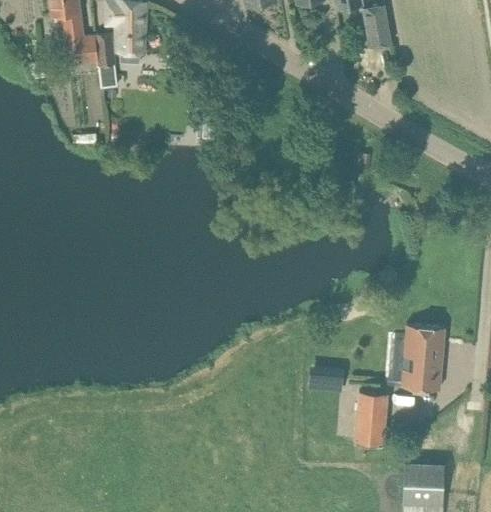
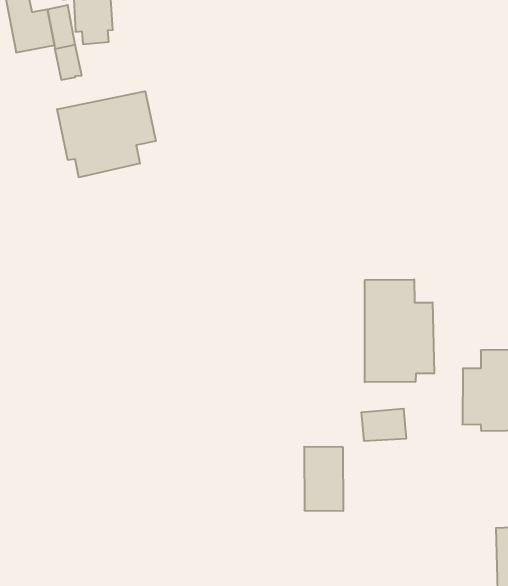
building: none -> [57,91,156,177]
building: none -> [365,279,434,382]
building: [354,392,388,444] -> [304,447,343,511]

